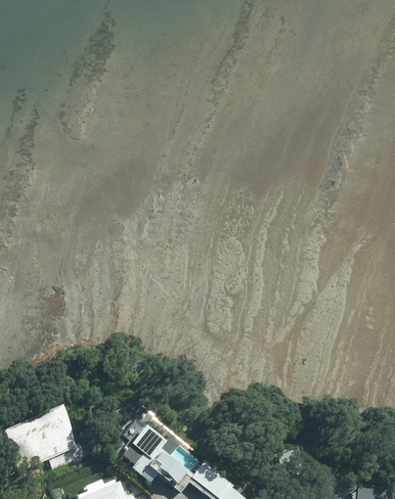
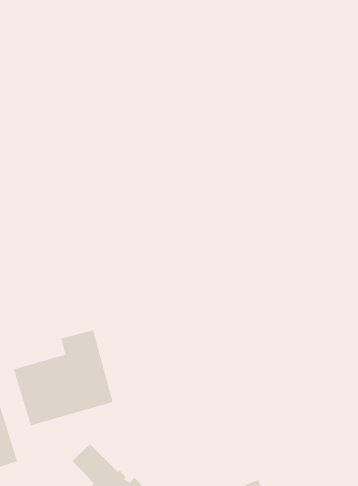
building: none -> [13,329,113,426]

